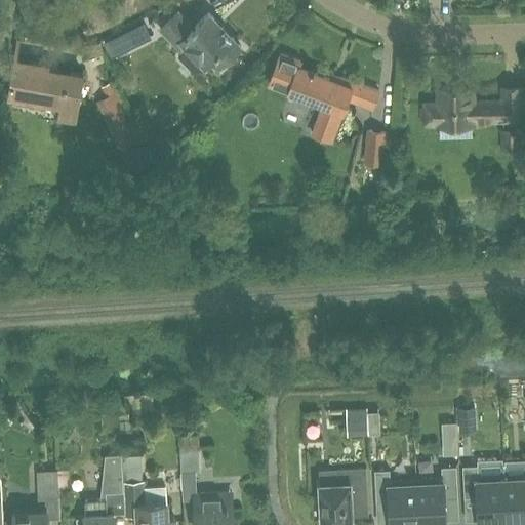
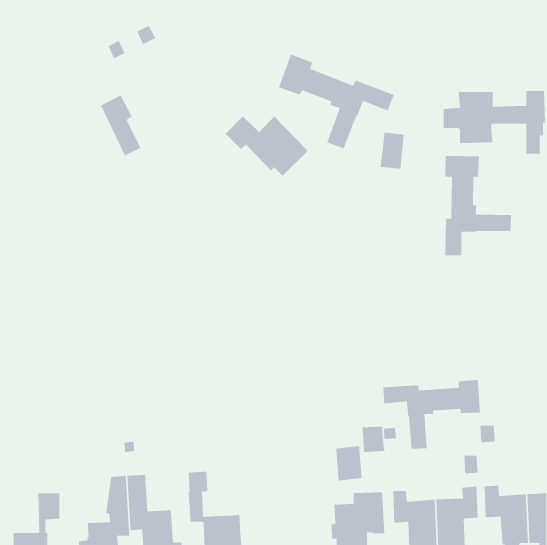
building: [160,14,240,73] -> [225,115,308,177]
building: [8,62,82,121] -> none
building: none -> [445,155,512,256]
building: none -> [382,379,481,449]
building: none -> [335,445,363,482]

